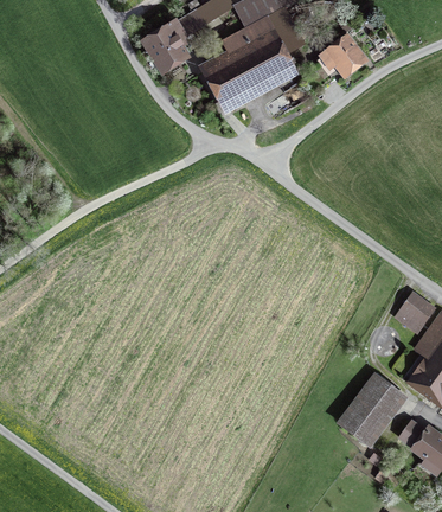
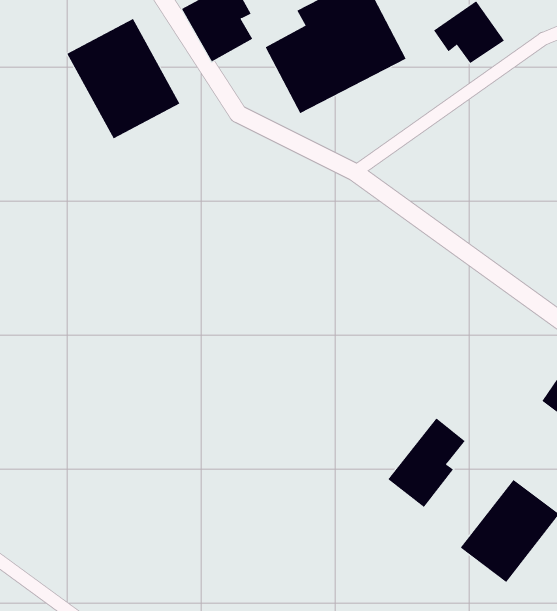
building: none -> [66,18,180,139]
building: none -> [388,418,465,508]

